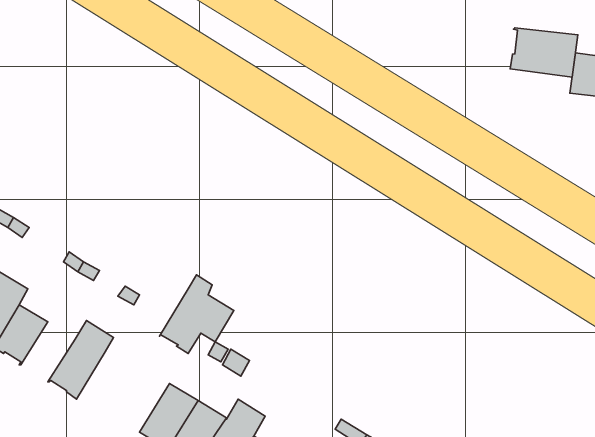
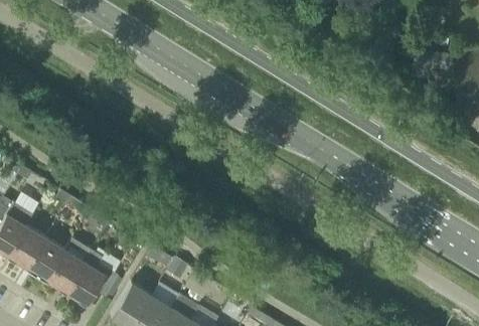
building: [510,28,578,77] -> none
building: [159,275,234,353] -> [65,250,118,305]
building: none -> [26,238,64,281]

